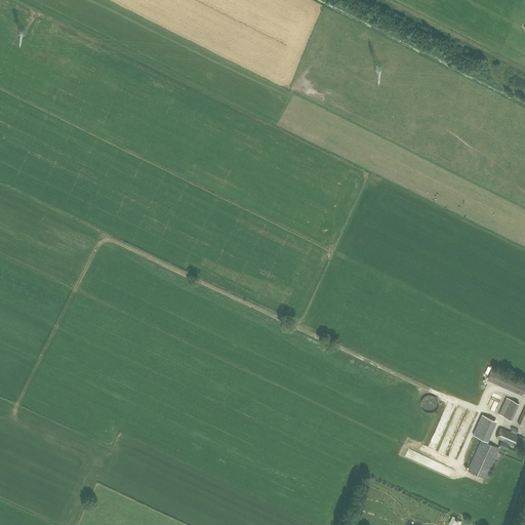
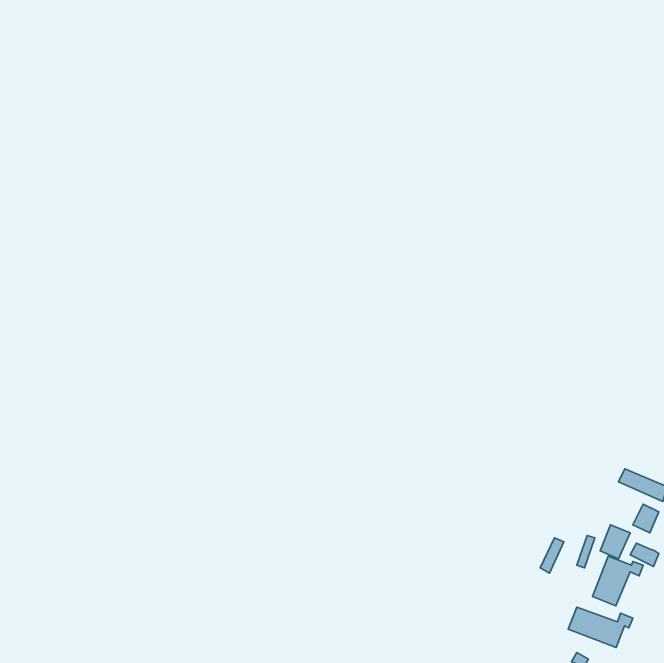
building: none -> [568,607,633,648]

